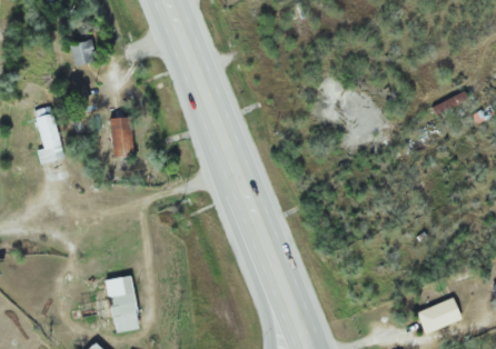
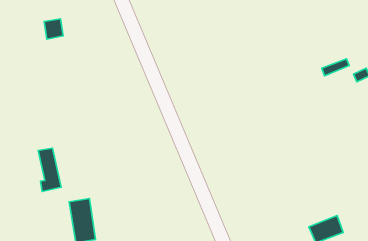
building: [34,108,65,164] -> [38,148,61,191]
building: [111,118,131,156] -> none

